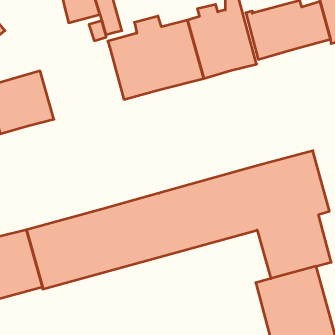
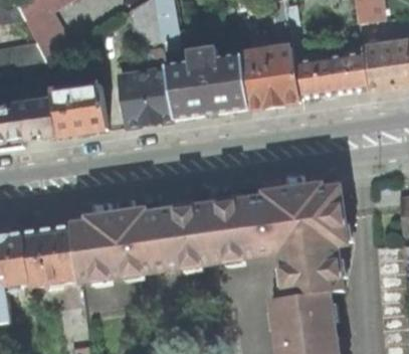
building: none -> [120,68,175,125]

